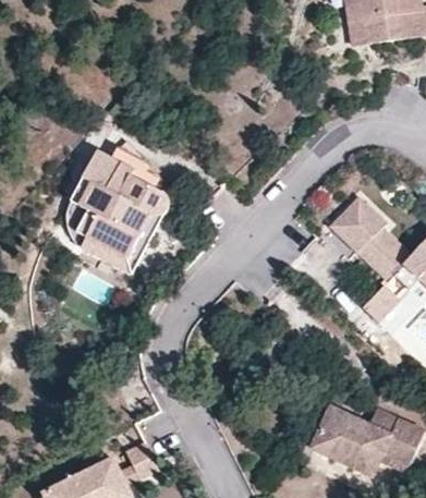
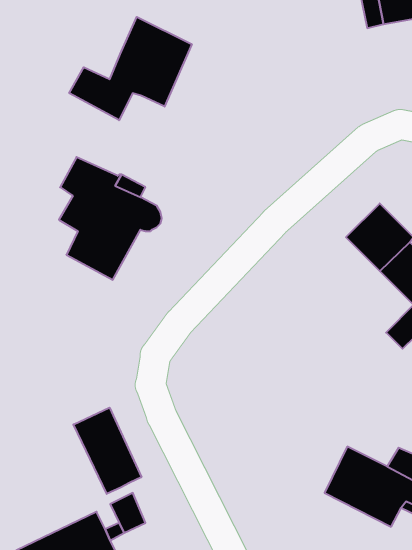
building: none -> [69,17,192,120]
building: [65,179,159,276] -> none
building: none -> [73,408,141,494]

